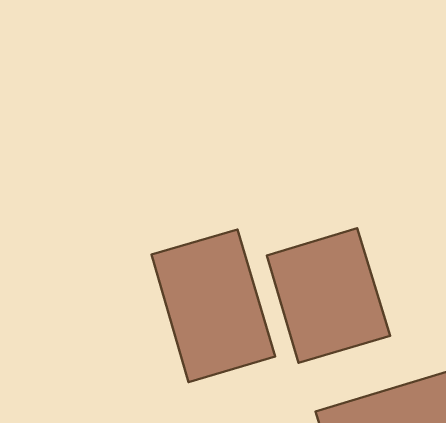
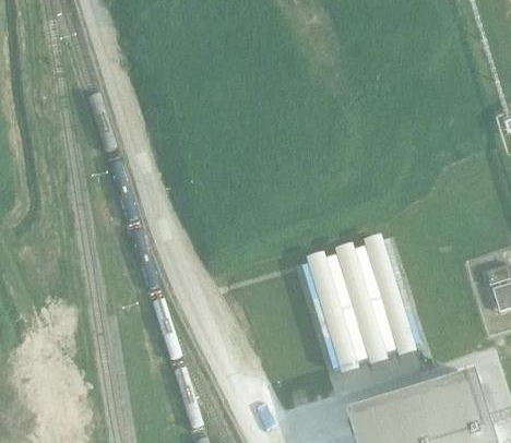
building: [152,229,275,382] -> none

